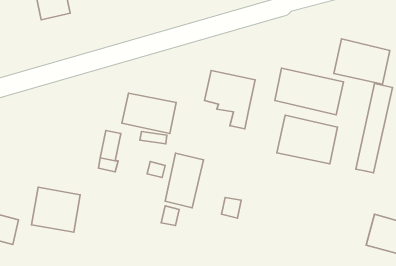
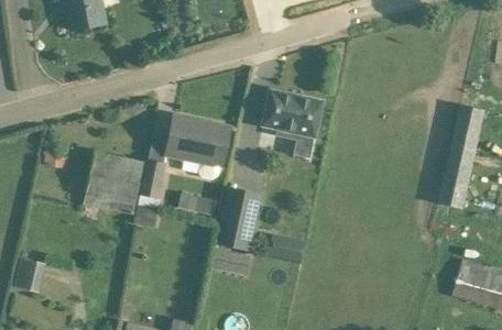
building: [334,39,390,84] -> none
building: [275,68,343,115] -> none
building: [277,115,338,164] -> none
building: [31,187,80,232] -> [84,153,141,206]

